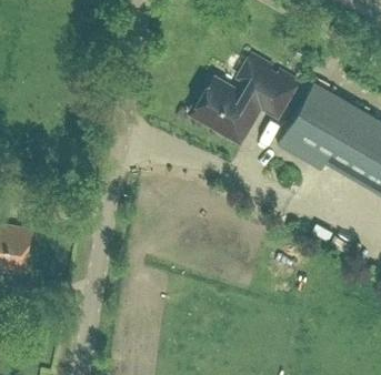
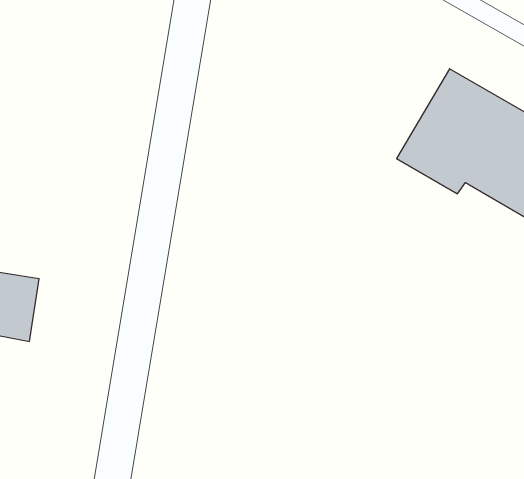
building: [189,55,298,142] -> none

